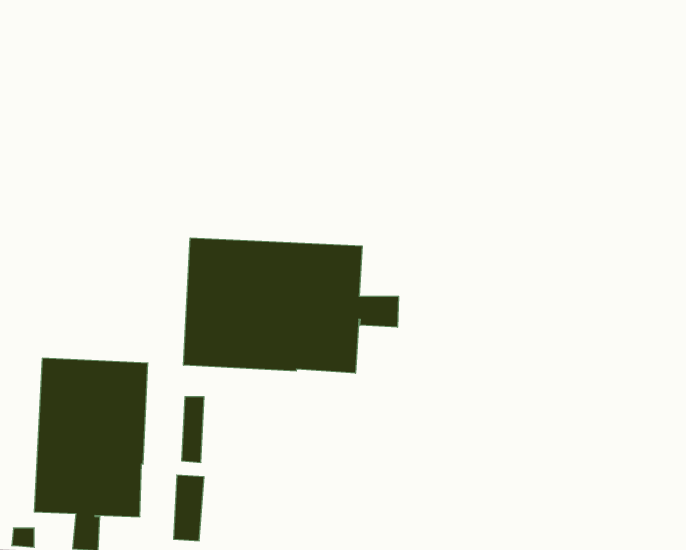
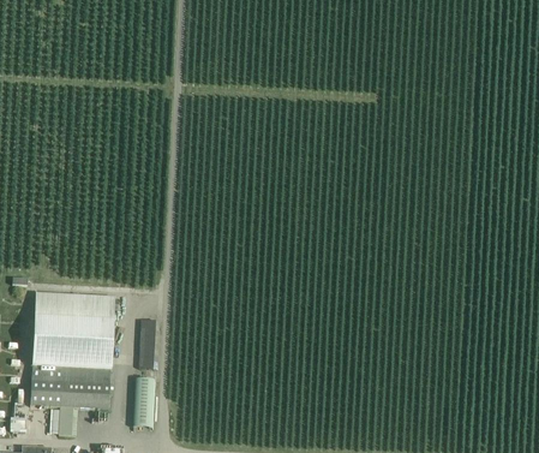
building: [184,238,399,373] -> none

